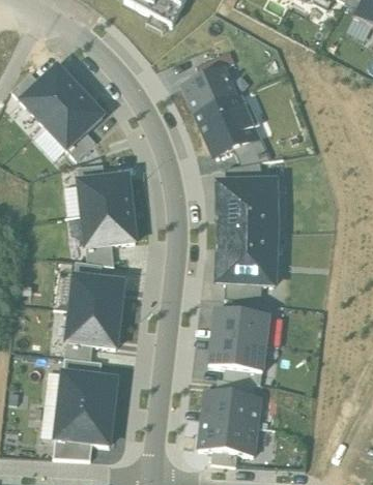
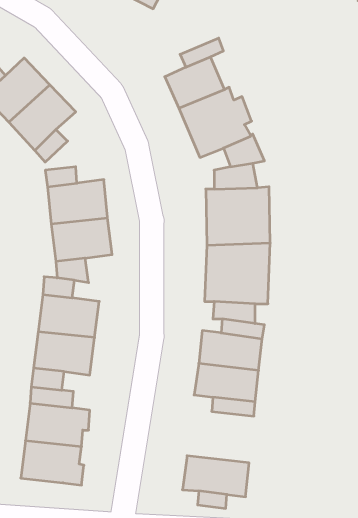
building: [202,390,260,425] -> none
building: [53,438,92,458] -> none

